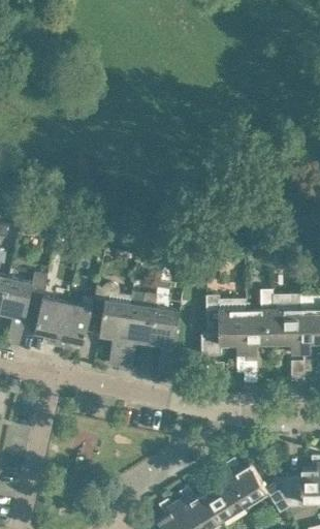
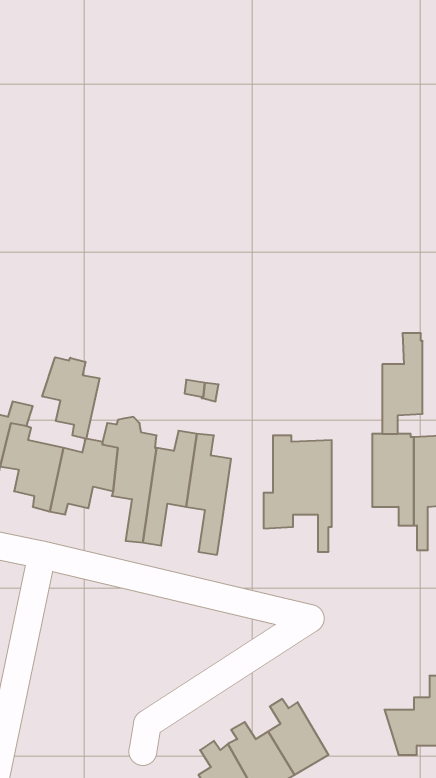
building: none -> [42,357,100,439]
building: [246,290,273,357] -> [382,333,423,434]
building: [223,460,290,516] -> none

